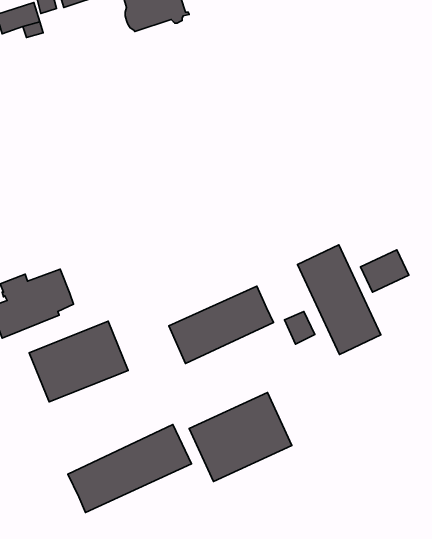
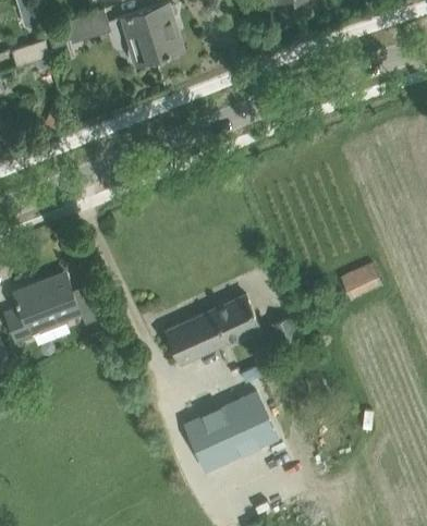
building: [298,245,381,355] -> none
building: [29,321,128,402] -> none
building: [68,425,191,513] -> none

